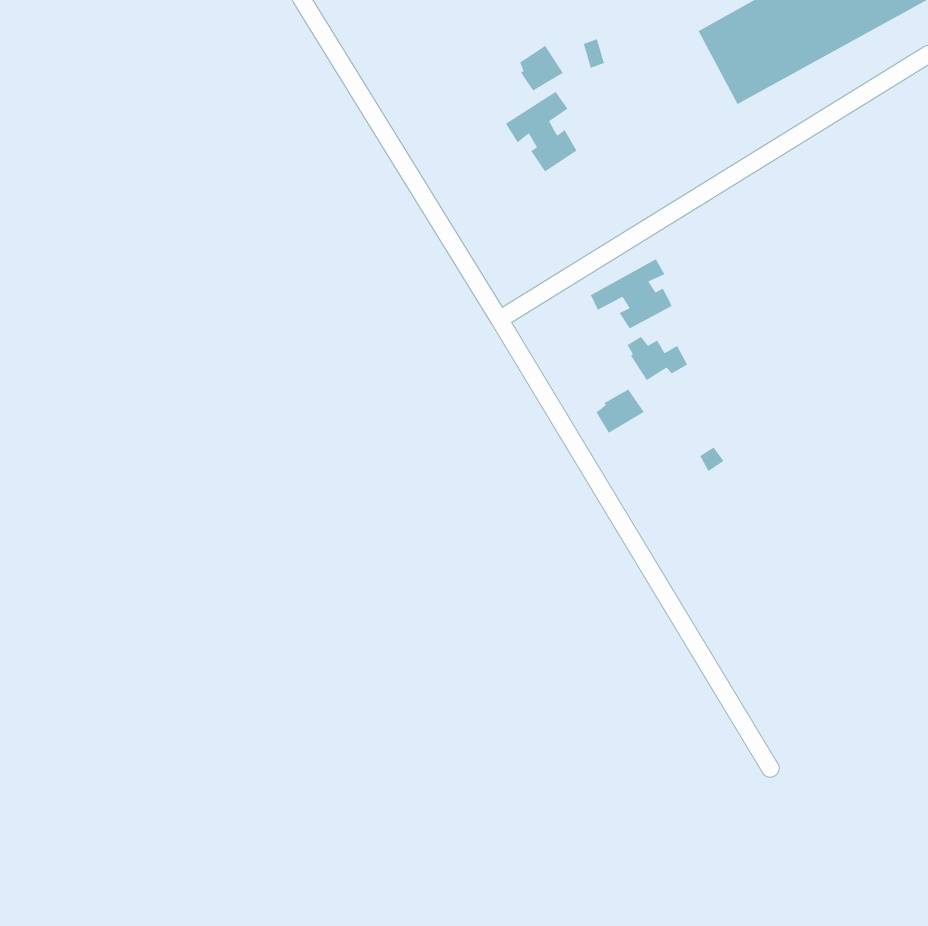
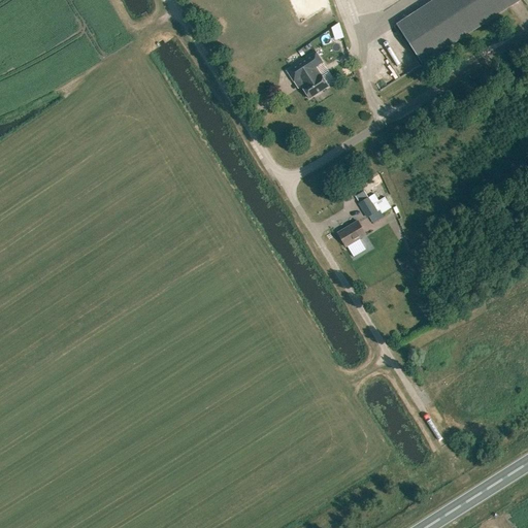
building: [519,45,564,91] -> none
building: [590,258,673,330] -> none

